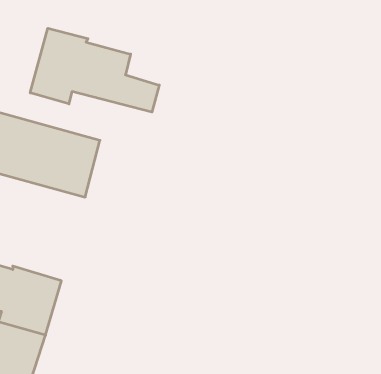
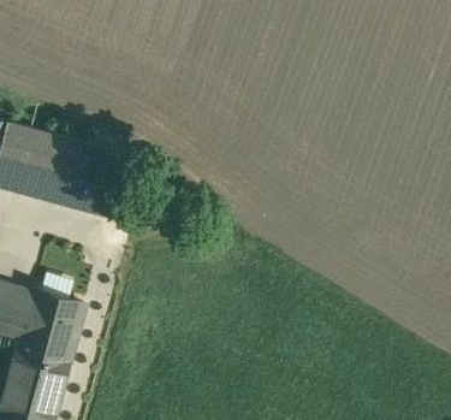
building: [30,28,159,112] -> none

